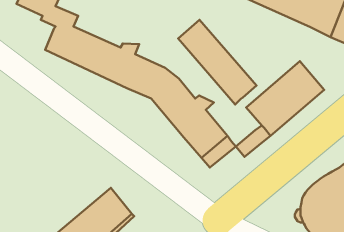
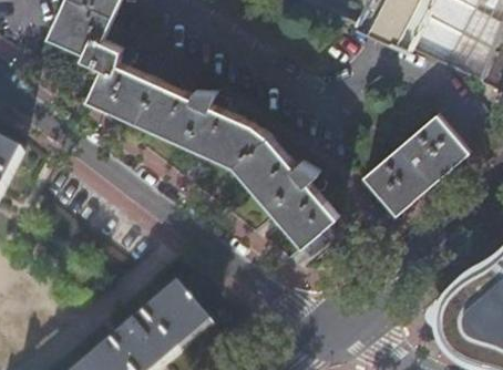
building: [178,20,256,104] -> none

